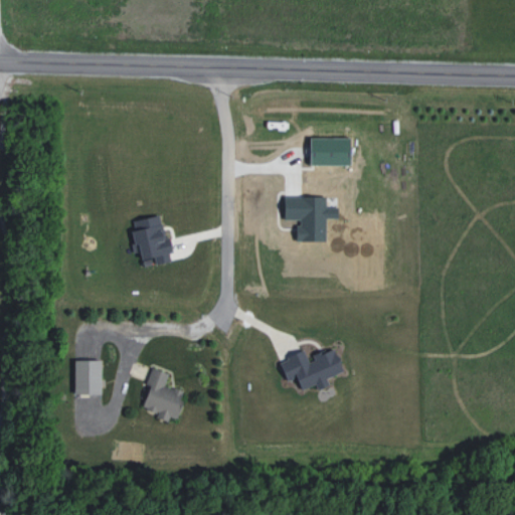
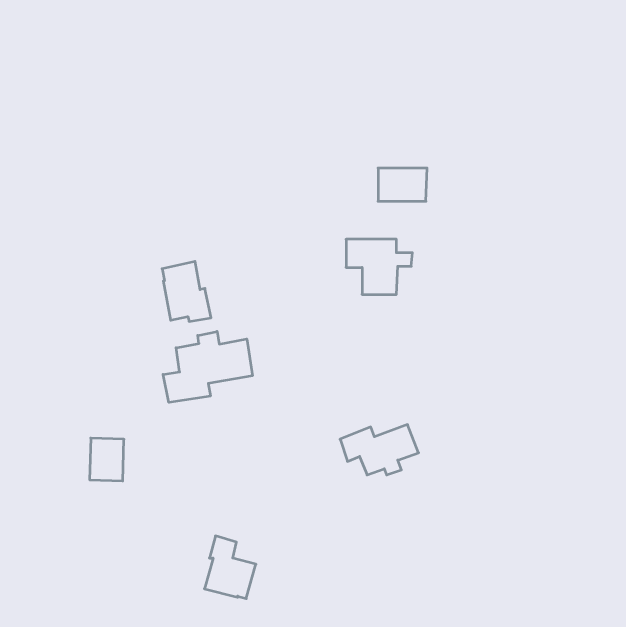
building: none -> [163,331,252,402]
building: [143,367,185,418] -> [204,536,256,599]

